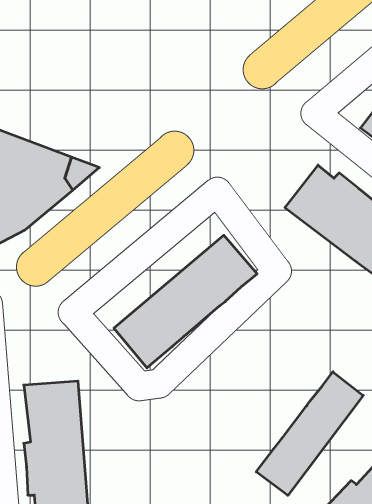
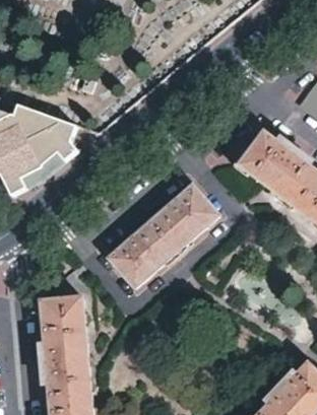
building: [256,372,363,495] -> none

